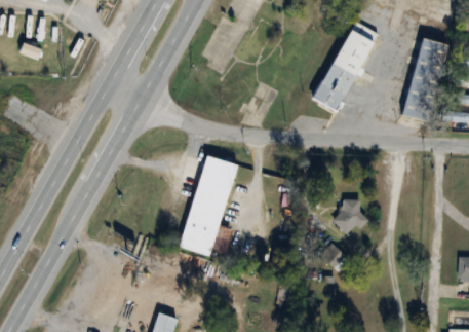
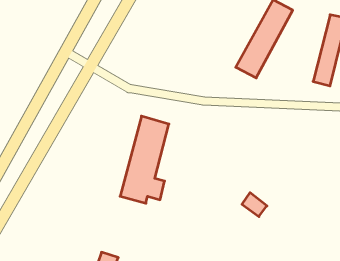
building: [330,199,368,236] -> none

